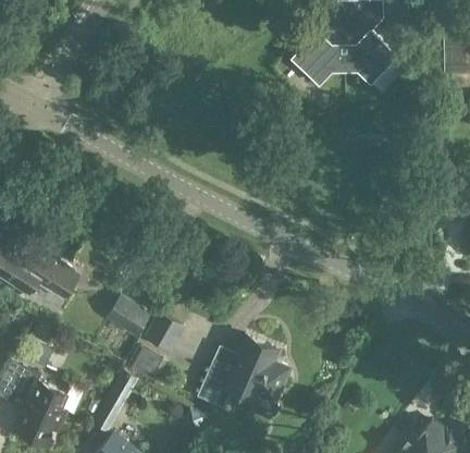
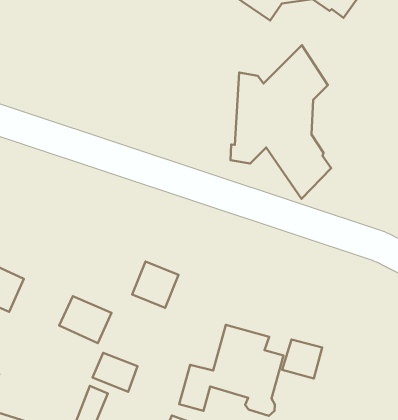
building: none -> [230,45,331,199]
building: [143,310,184,352] -> [132,262,179,308]
building: none -> [282,340,322,379]

